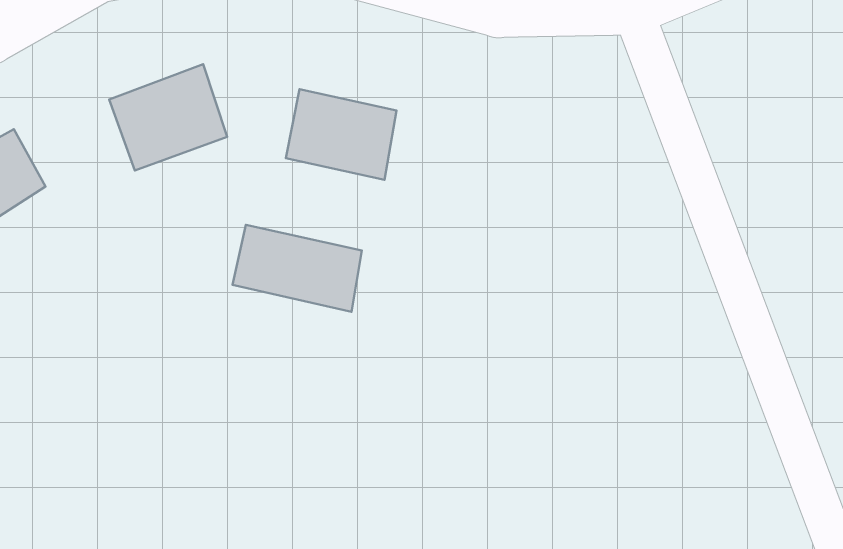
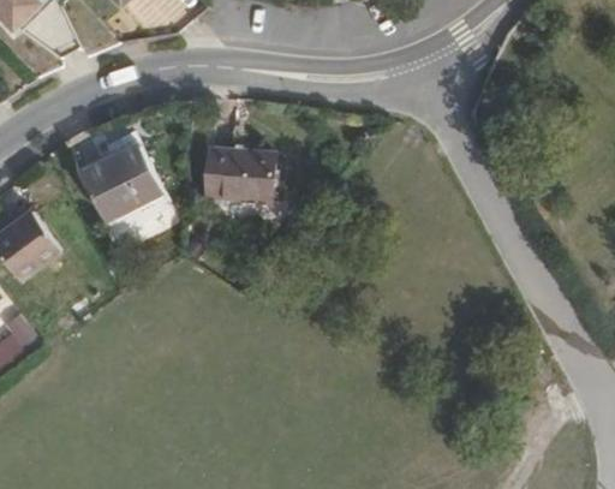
building: [233,225,362,312] -> none

